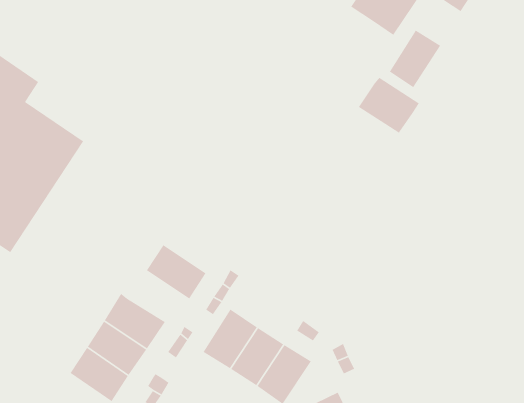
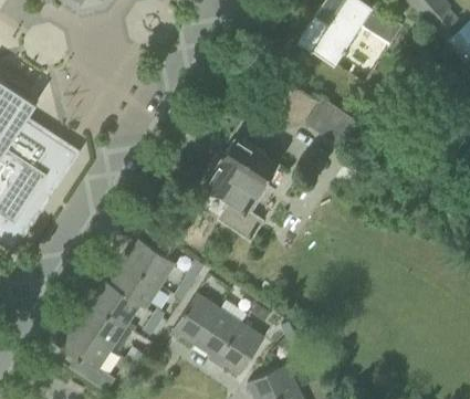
building: [389,30,441,88] -> none
building: none -> [200,137,275,240]
building: none -> [109,262,161,308]

